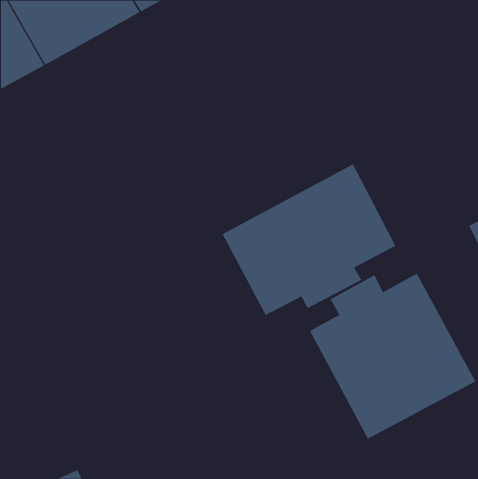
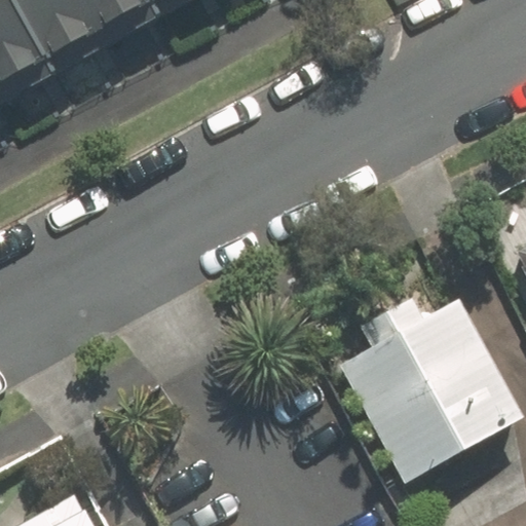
building: [222,164,396,316] -> none

